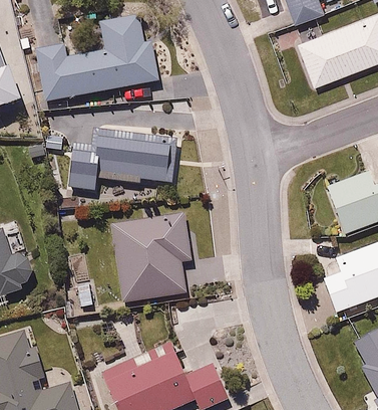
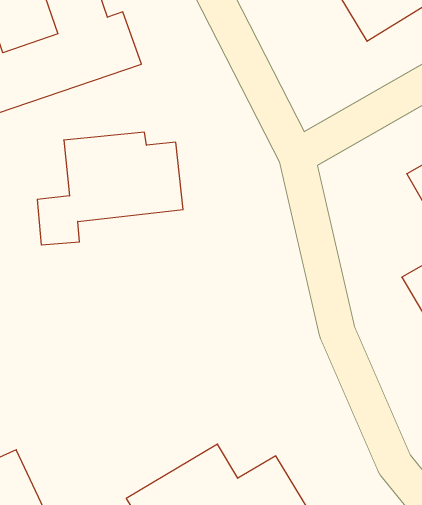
building: [113,213,193,301] -> none

